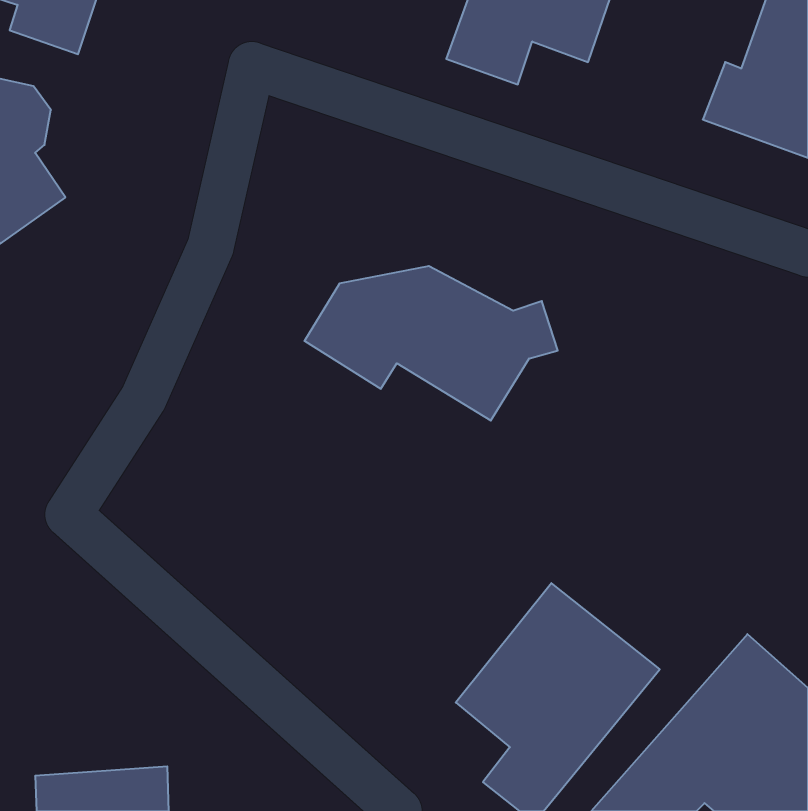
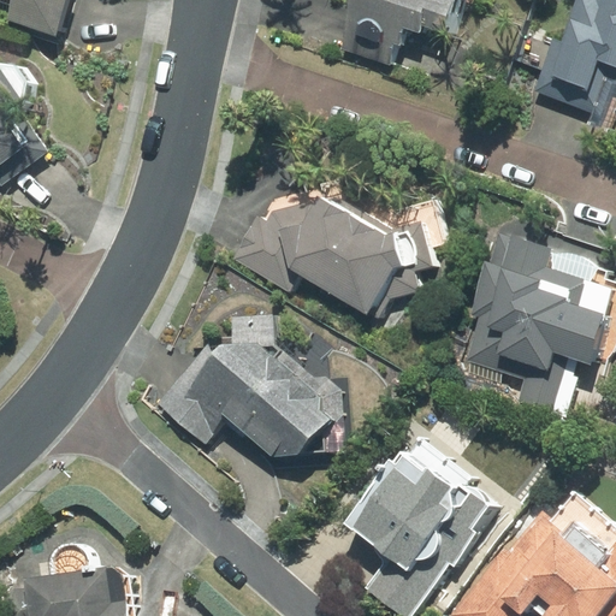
building: none -> [464,235,605,415]
building: none -> [154,320,344,462]

